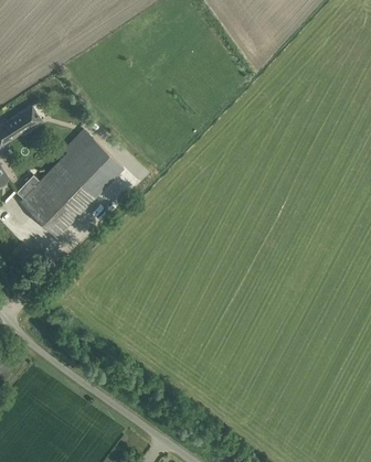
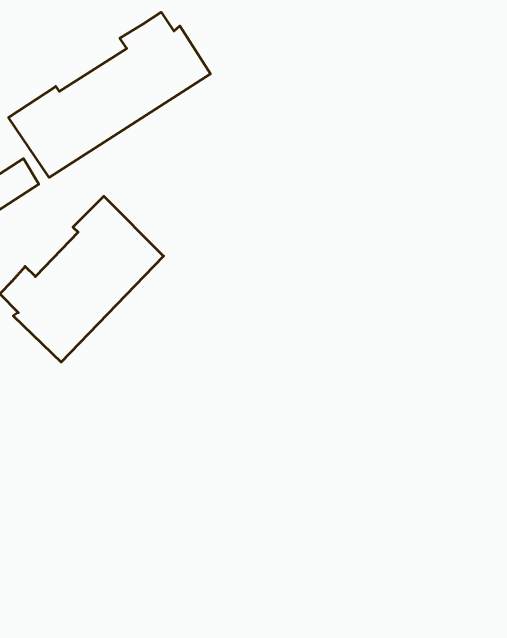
building: none -> [9,12,210,177]

